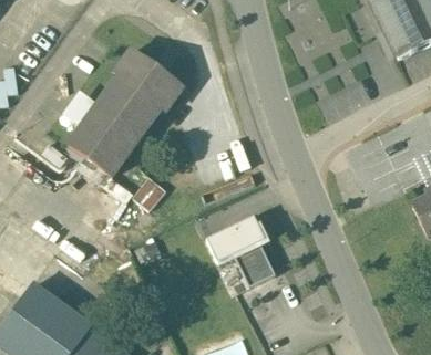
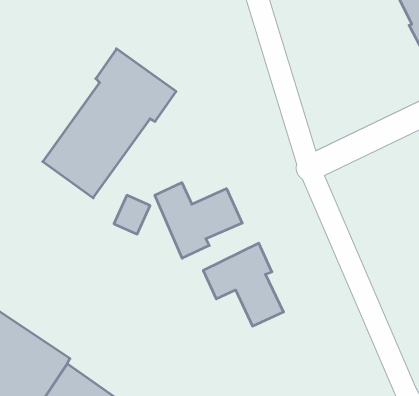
building: none -> [155,183,242,258]

